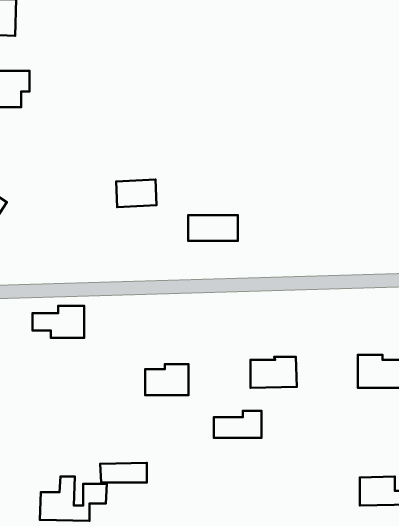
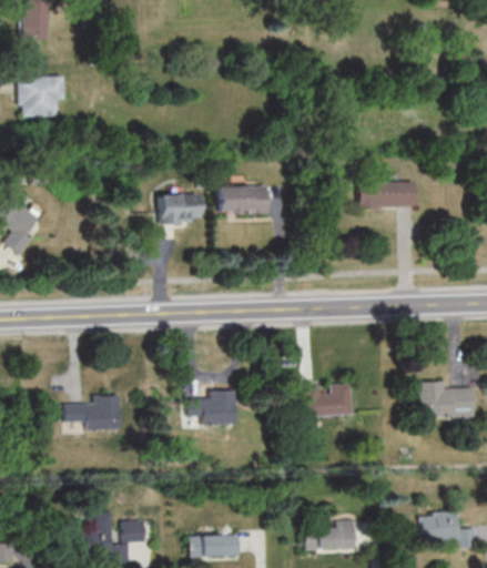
building: none -> [358,181,417,206]
building: [188,215,238,241] -> [215,185,268,213]
building: [32,306,84,338] -> [67,396,122,430]
building: [214,411,261,438] -> [305,519,356,548]
building: [100,463,147,482] -> [190,535,240,556]

